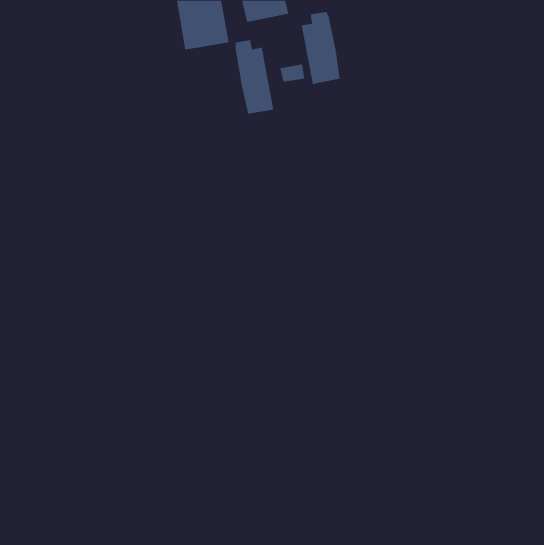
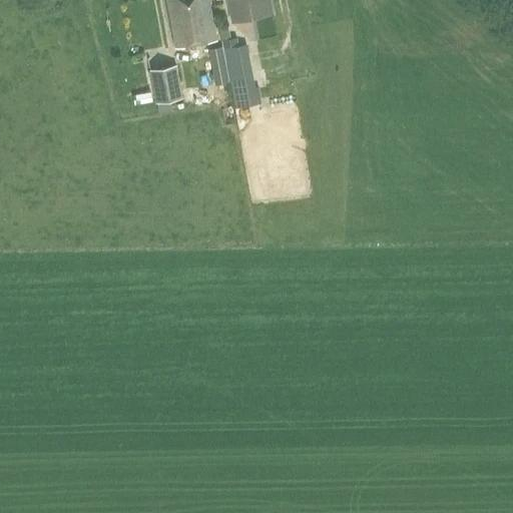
building: [301,11,340,85] -> none
building: none -> [148,65,181,102]

